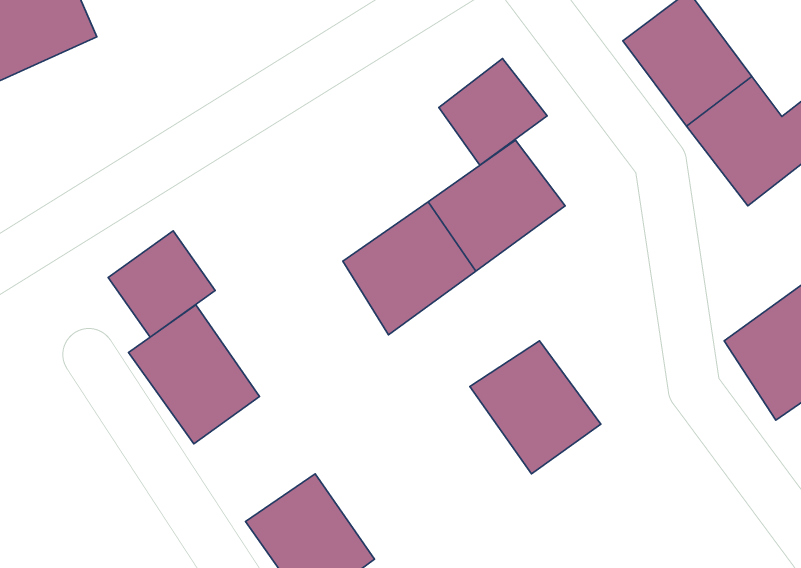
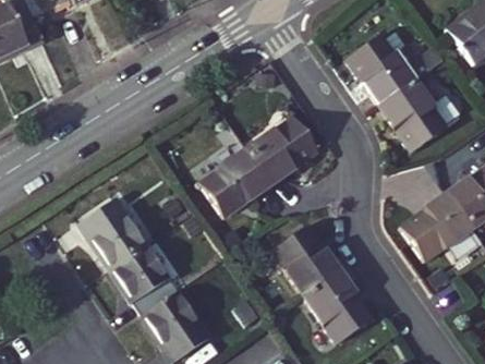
building: [439,58,547,165] -> none
building: [108,231,215,337] -> none
building: none -> [111,250,178,318]
building: none -> [296,265,368,339]

